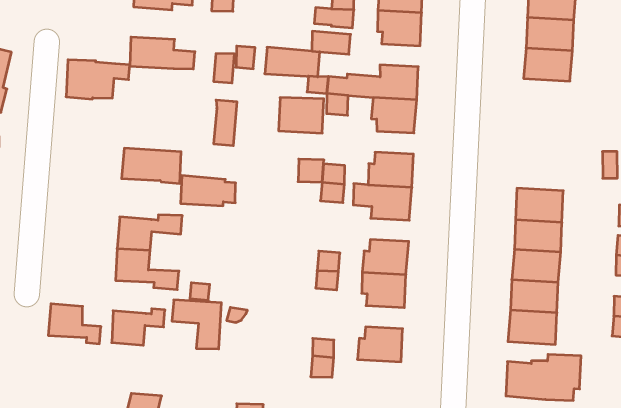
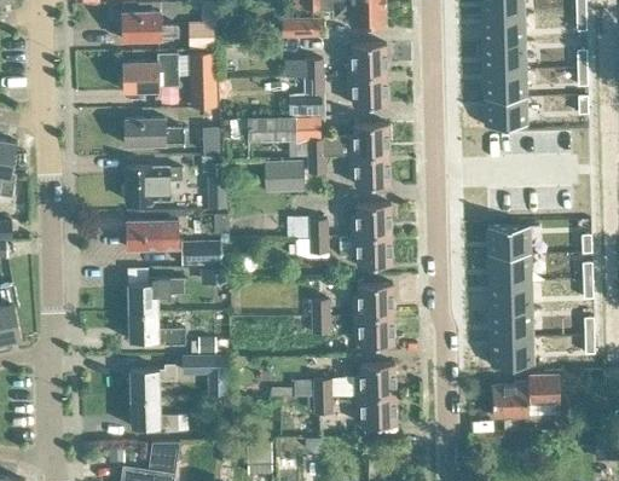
building: [66,60,130,99] -> [126,167,183,202]
building: [48,304,101,344] -> [131,399,178,431]
building: none -> [355,394,397,425]

